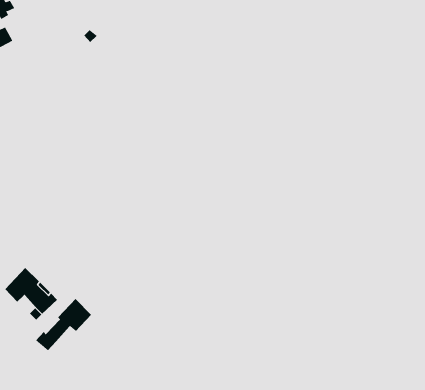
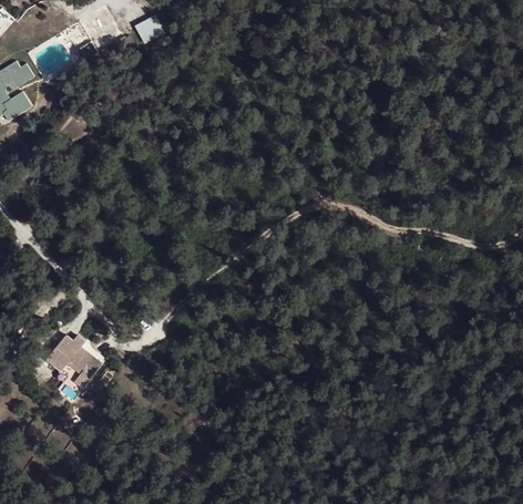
building: [35,298,92,351] -> none

